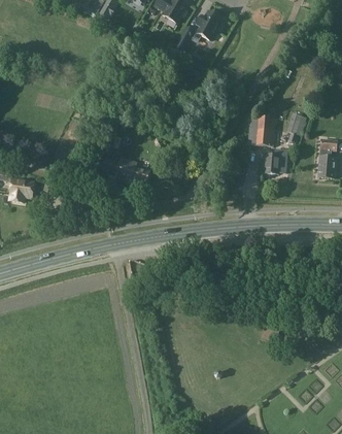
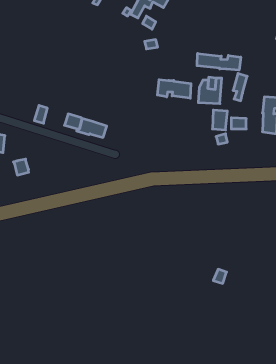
building: none -> [197,53,241,70]
building: none -> [157,80,191,98]

